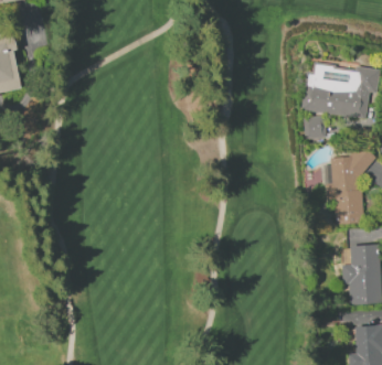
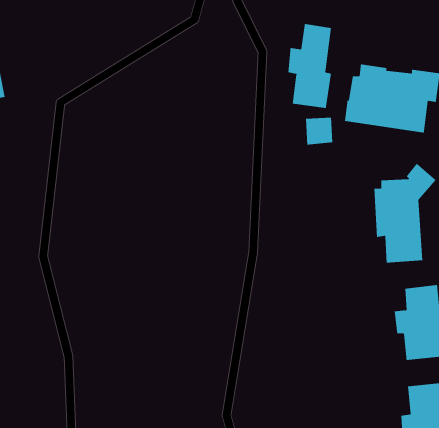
building: none -> [288,23,332,109]
building: [304,116,327,139] -> [305,117,333,145]

